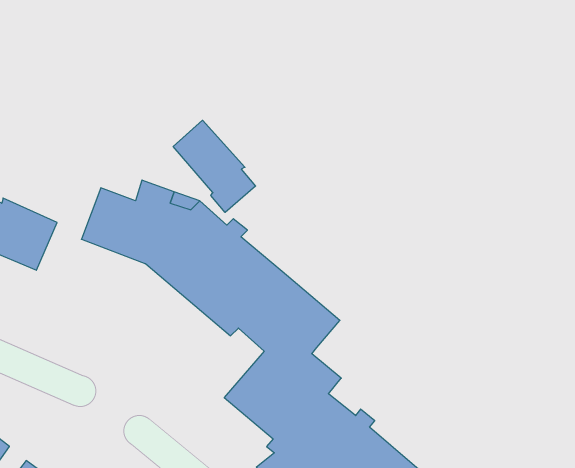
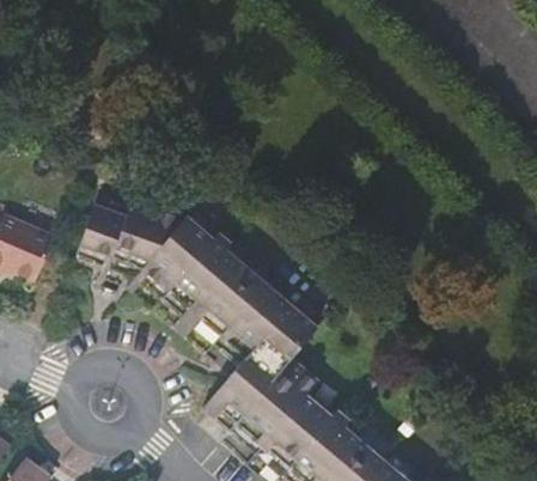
building: [173,120,256,212] -> none

